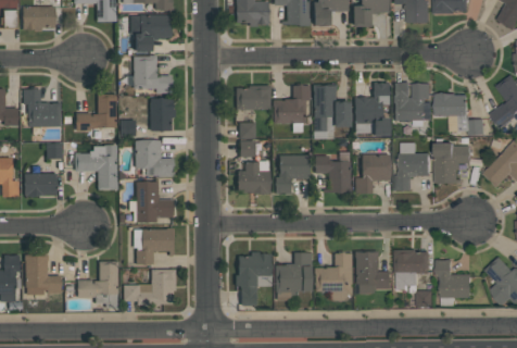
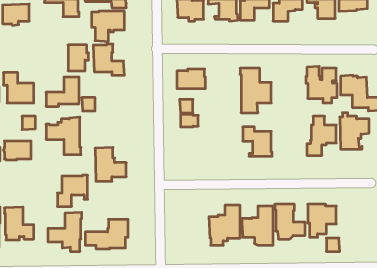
building: [355,82,390,135] -> none
building: [273,84,311,132] -> none
building: [151,98,176,129] -> [68,45,89,71]
building: [136,140,174,176] -> none
building: [355,153,390,192] -> none
building: [276,154,310,192] -> none
building: [238,160,270,194] -> none
building: [137,227,174,265] -> [57,175,88,206]
building: [236,251,272,304] -> none
building: [437,260,471,307] -> none

